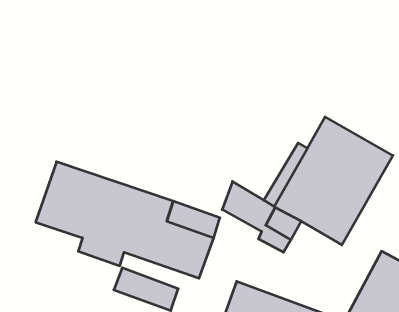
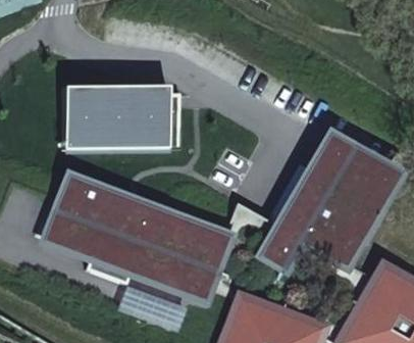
building: none -> [66,84,184,146]

